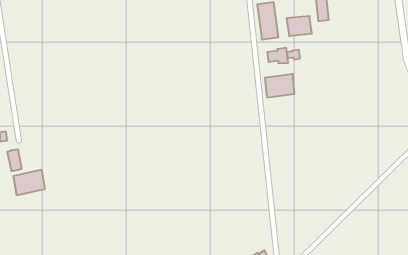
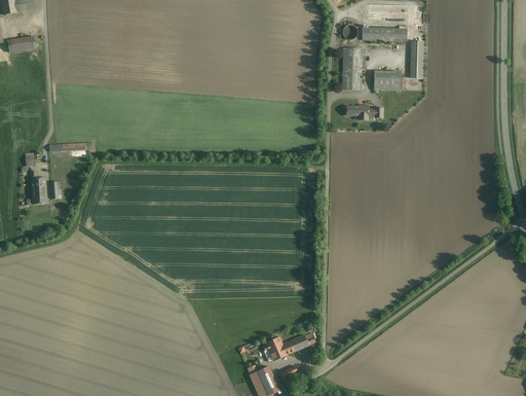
building: [265,74,294,98] -> none
building: [13,170,45,195] -> none

